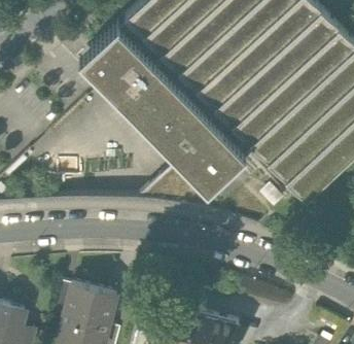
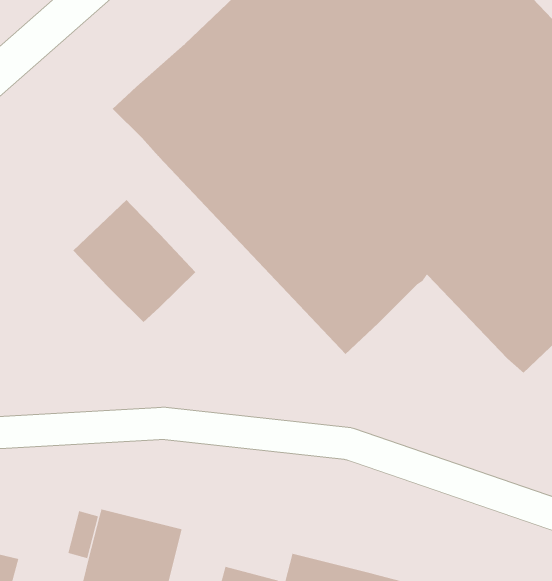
building: none -> [73,199,196,323]

